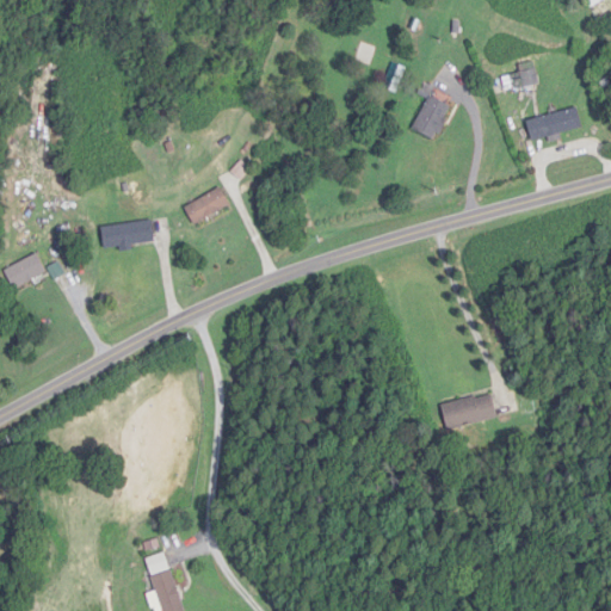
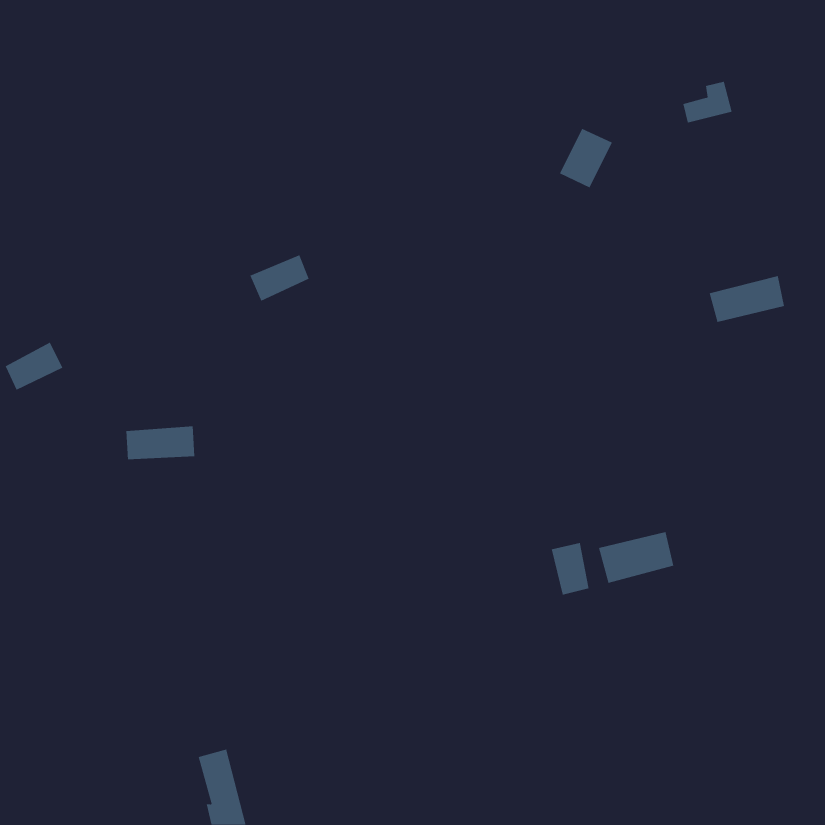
building: [525,106,581,141] -> [709,275,785,322]
building: [101,221,153,246] -> [126,426,195,460]
building: none -> [551,542,589,596]

